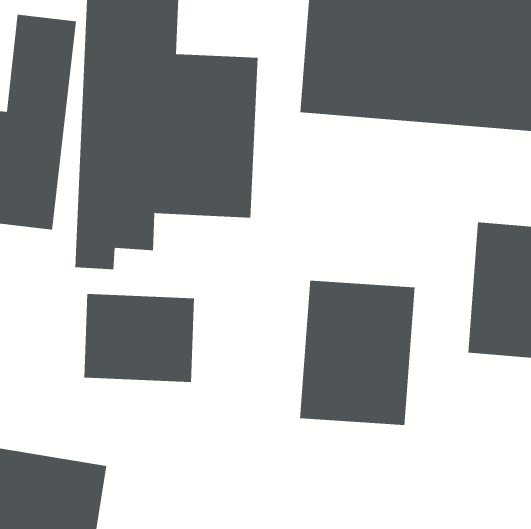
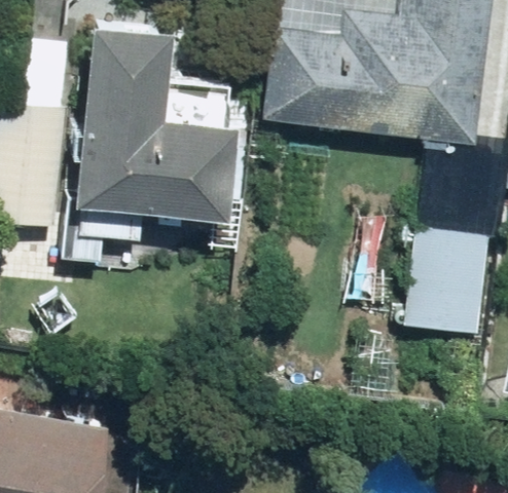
building: [299,280,415,426] -> none
building: [84,293,194,383] -> none

